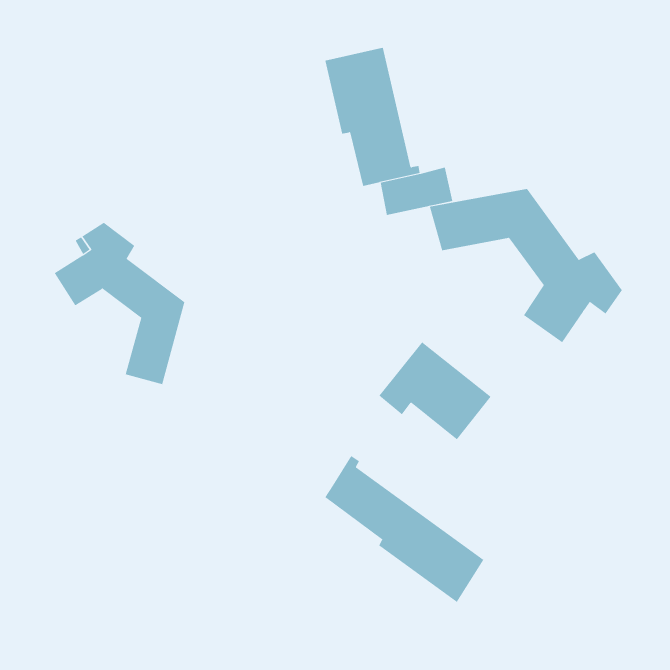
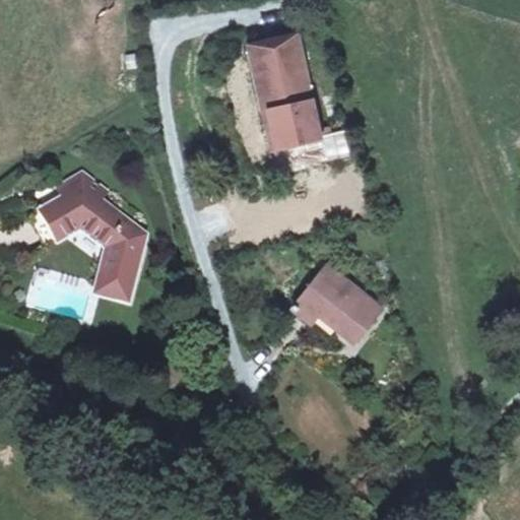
building: [429,188,623,343] -> none
building: [324,455,484,603] -> none

